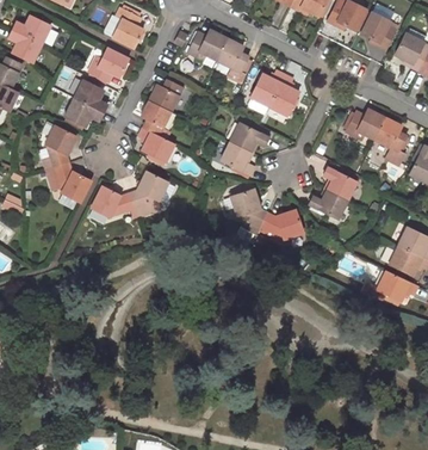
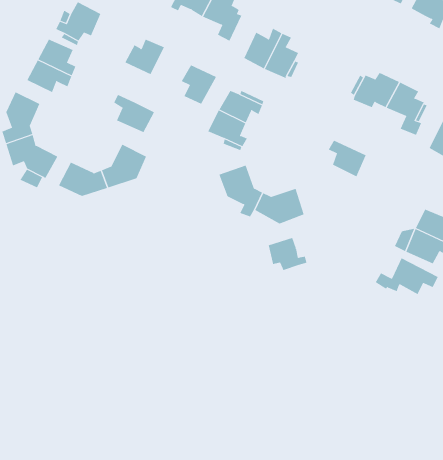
building: [139,100,170,135] -> [181,64,217,105]
building: [308,189,348,218] -> none
building: none -> [268,237,307,271]

